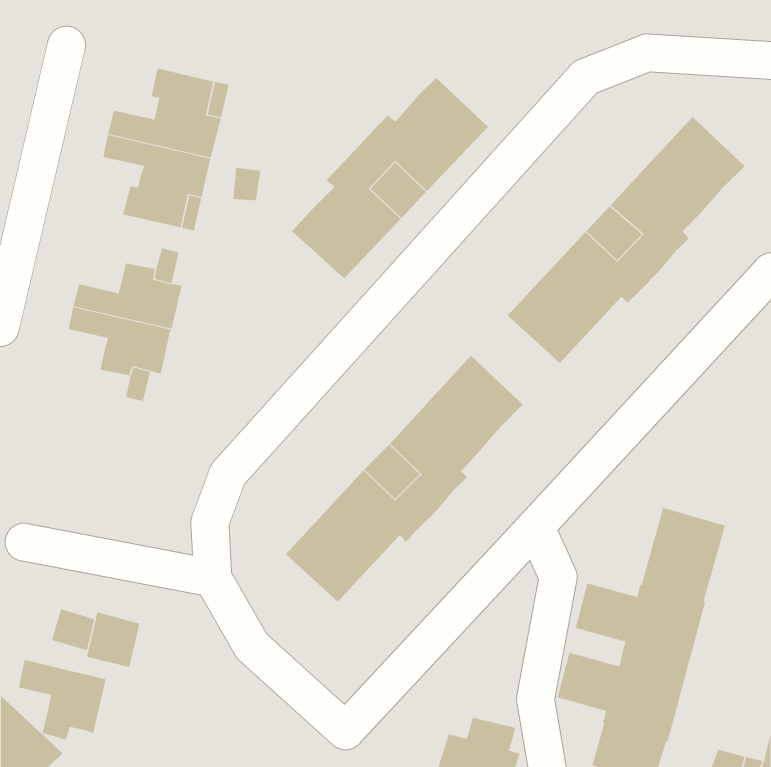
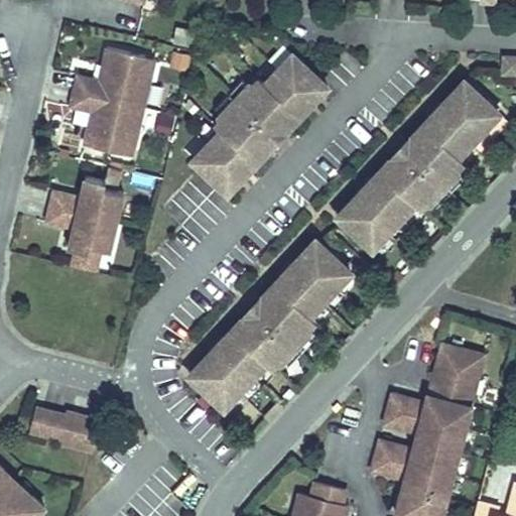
building: [18,659,106,740] -> none

